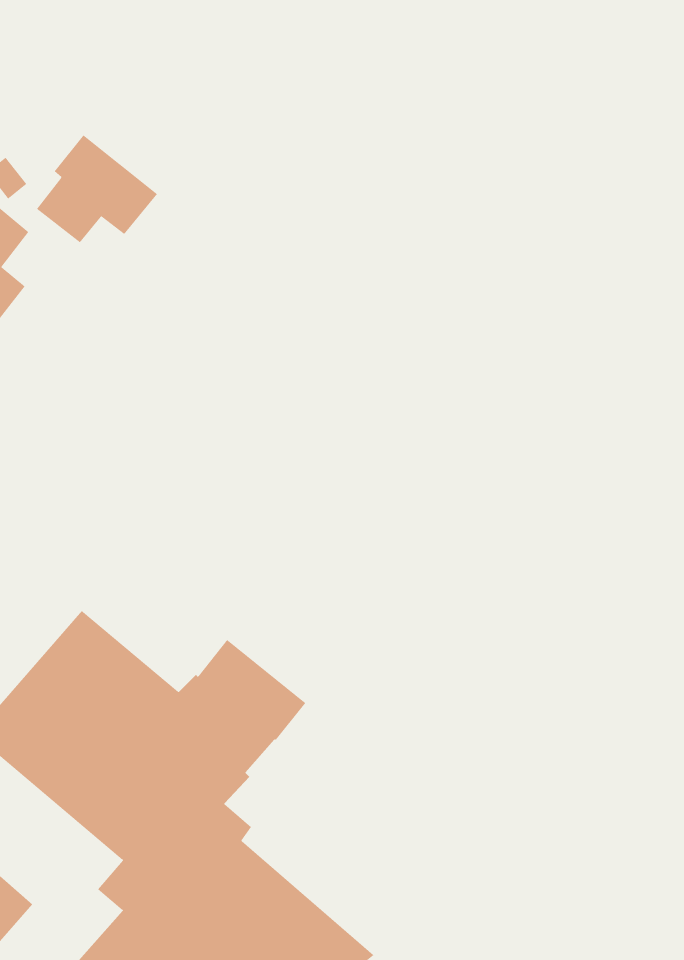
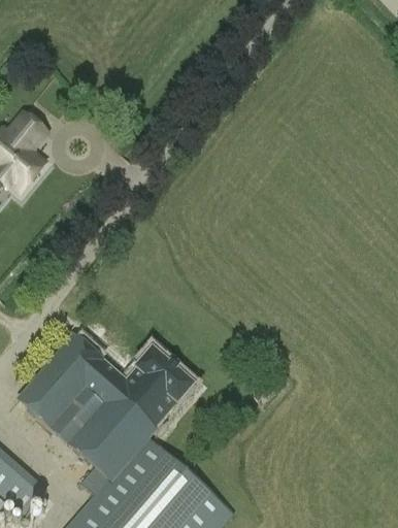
building: [36,135,158,243] -> none

